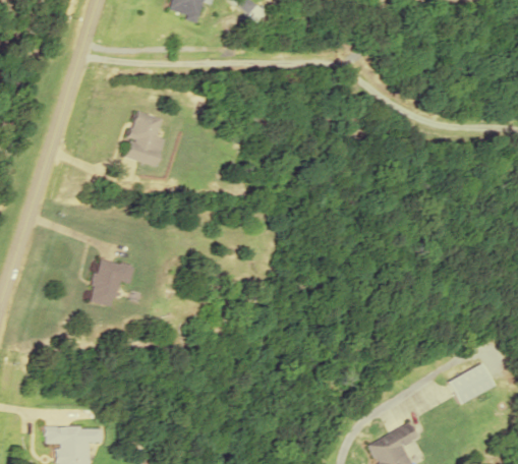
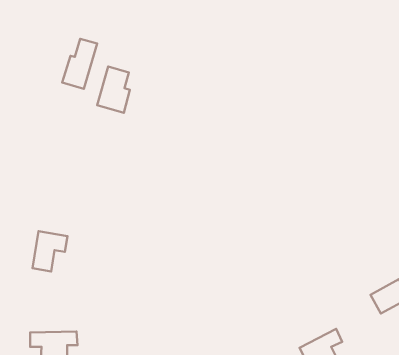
building: none -> [62,39,97,89]
building: [91,259,132,307] -> [32,231,67,271]

